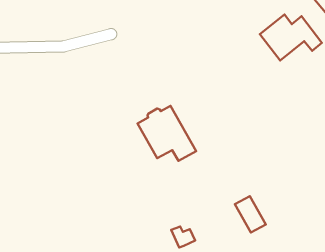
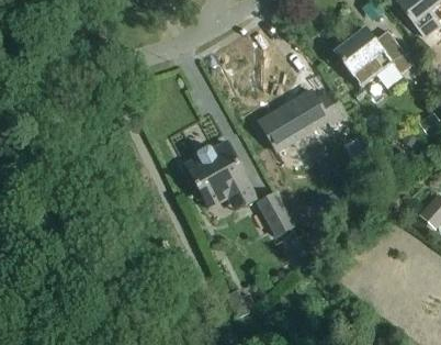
building: none -> [258,88,344,151]
building: [235,196,266,233] -> [257,192,295,237]

